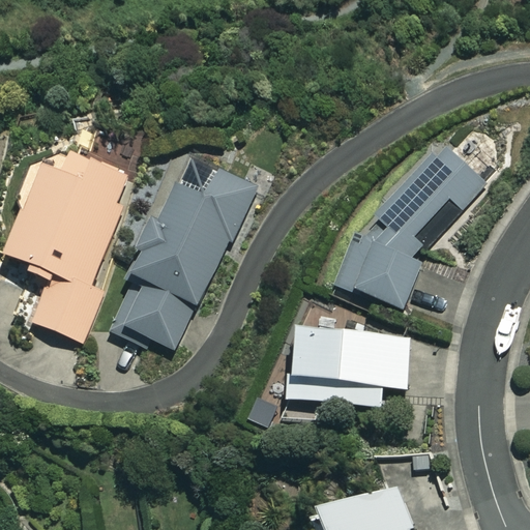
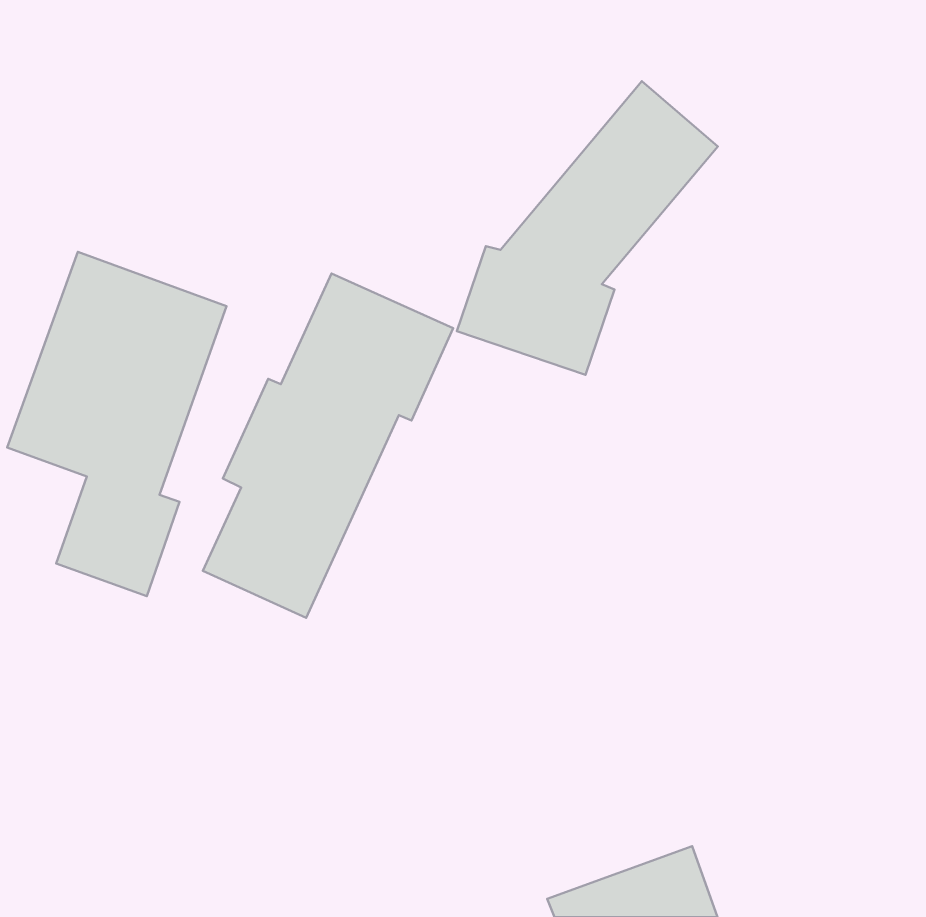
building: [333,140,482,307] -> [457,81,718,375]
building: [287,328,409,406] -> none

